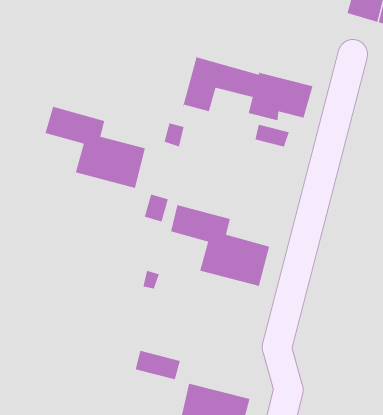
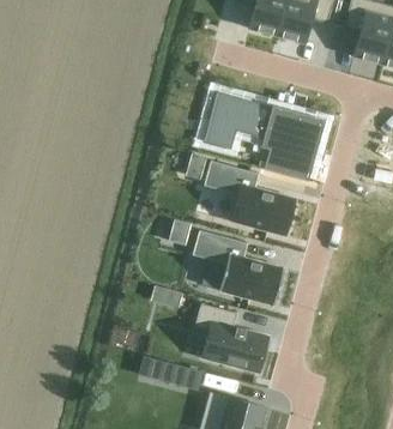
building: [45,106,146,189] -> [202,159,295,235]
building: none -> [194,302,267,373]

